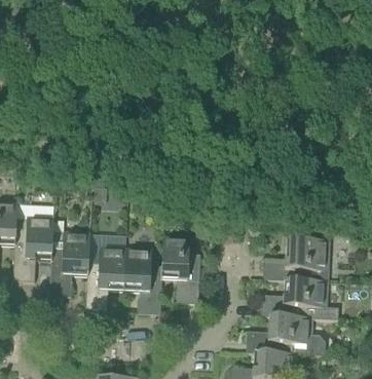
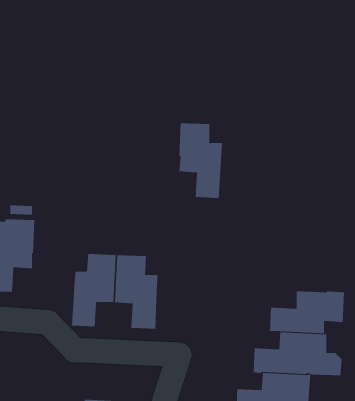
building: [49,232,89,297] -> none
building: [161,236,200,303] -> [179,123,223,198]
building: [262,238,329,281] -> none

